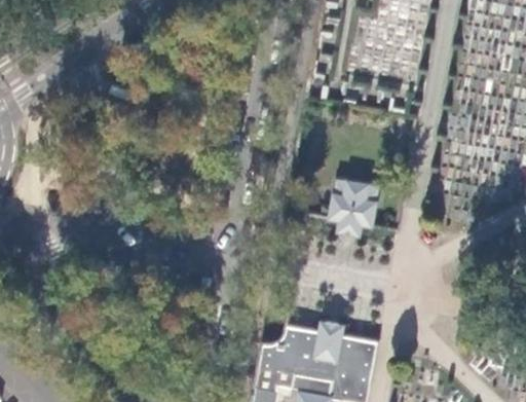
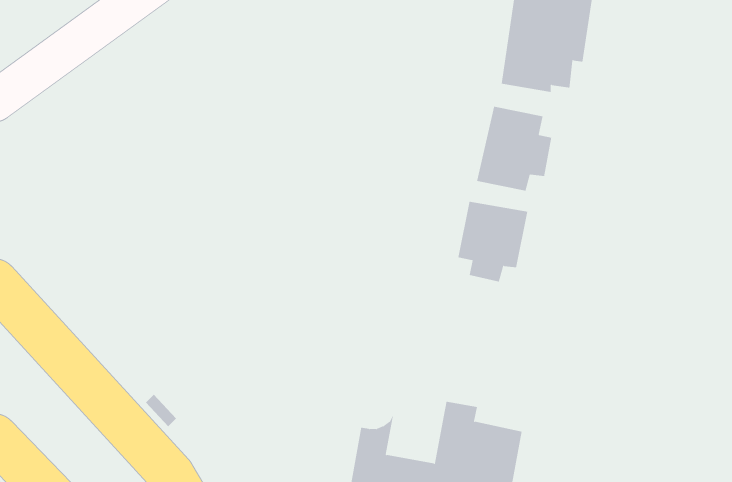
building: none -> [477,106,552,192]
building: [279,325,320,364] -> none

